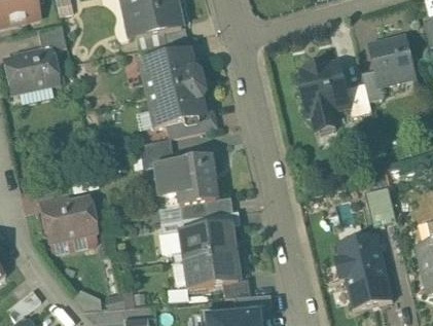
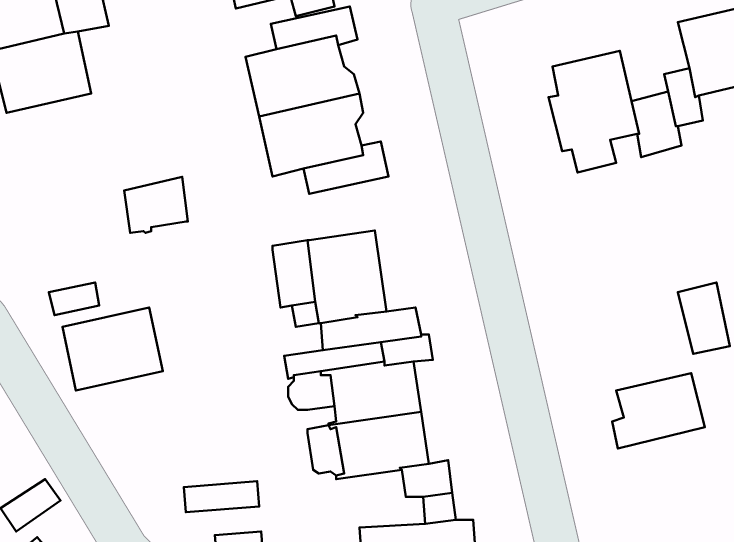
building: [140,139,174,169] -> [124,177,188,233]
building: [338,262,394,310] -> none

